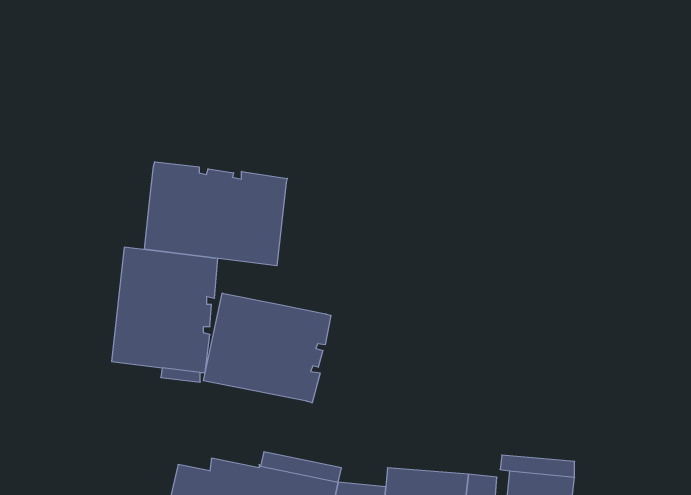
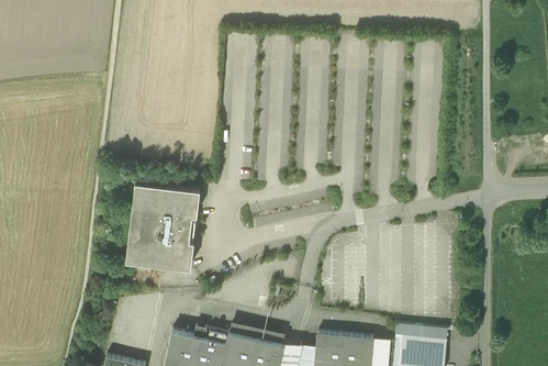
building: [144,162,287,266] -> none
building: [203,293,331,403] -> none

